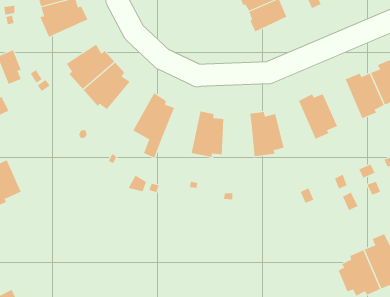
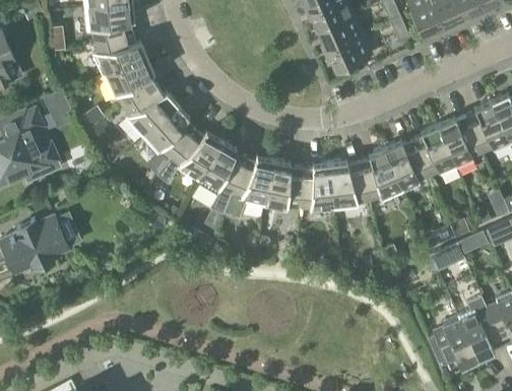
building: none -> [103,56,156,106]
building: none -> [412,123,456,176]
building: none -> [156,126,221,182]
building: none -> [359,147,403,201]
building: none -> [222,155,273,218]
building: none -> [299,161,334,212]

